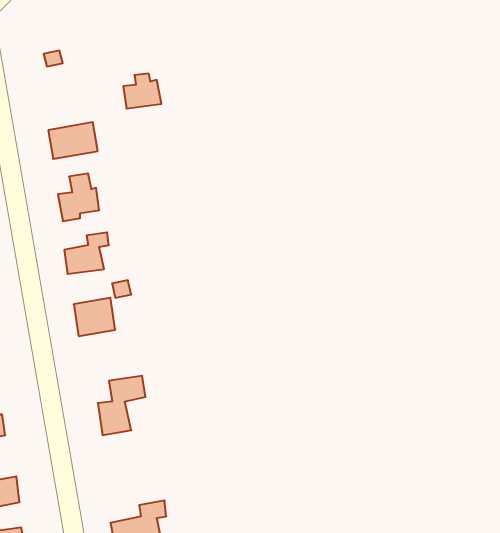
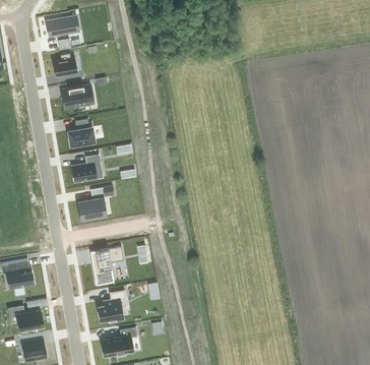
building: none -> [46,16,72,37]
building: [123,74,161,109] -> [53,53,77,75]
building: none -> [98,290,125,320]

